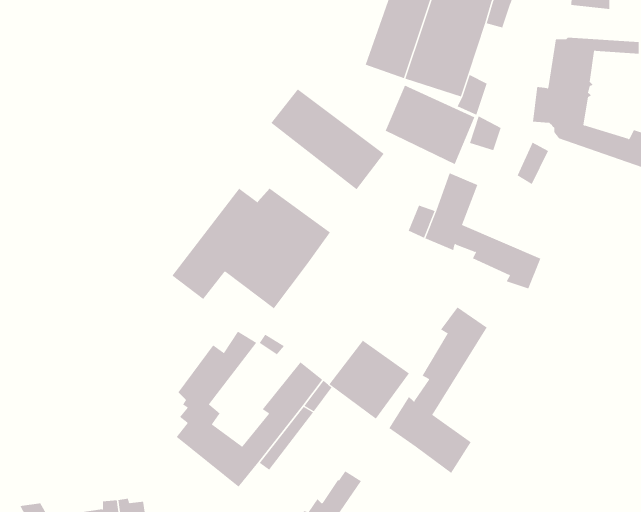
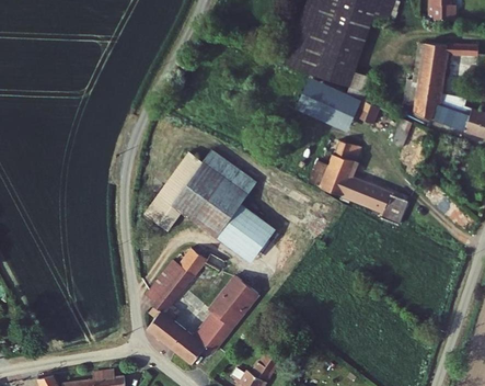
building: [271,89,384,190] -> none
building: [388,306,488,474] -> none
building: [329,340,410,420] -> [217,205,275,262]

